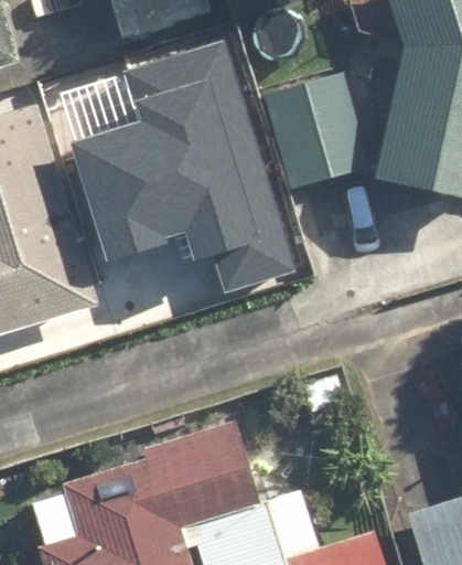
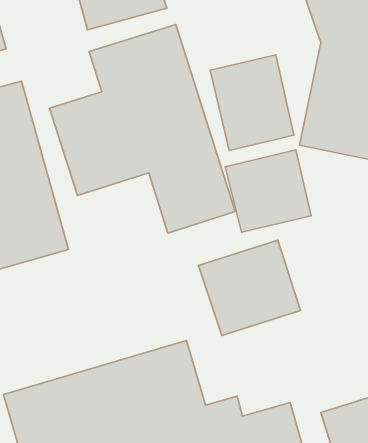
building: none -> [225,150,311,232]
building: none -> [198,240,300,336]

